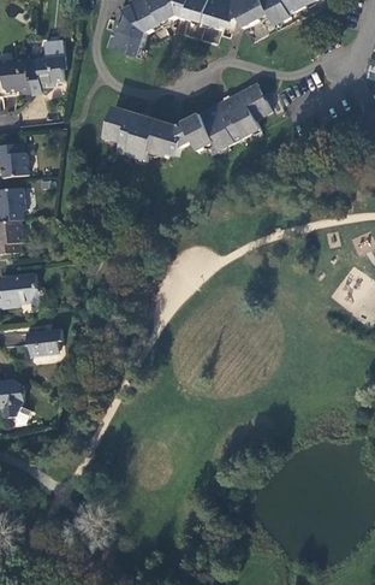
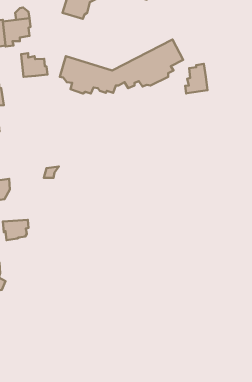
building: none -> [21,53,48,77]
building: none -> [185,64,208,93]

